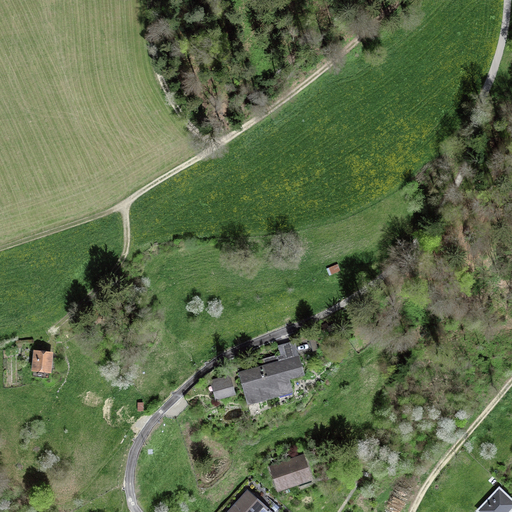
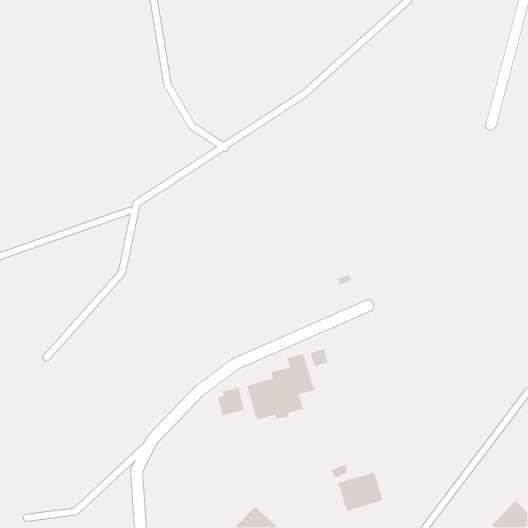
building: [31,351,53,375] -> none
building: [268,455,313,494] -> [337,471,384,512]

